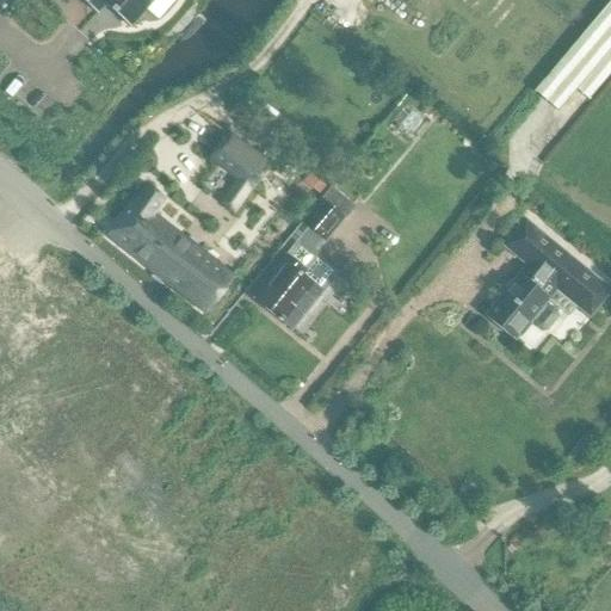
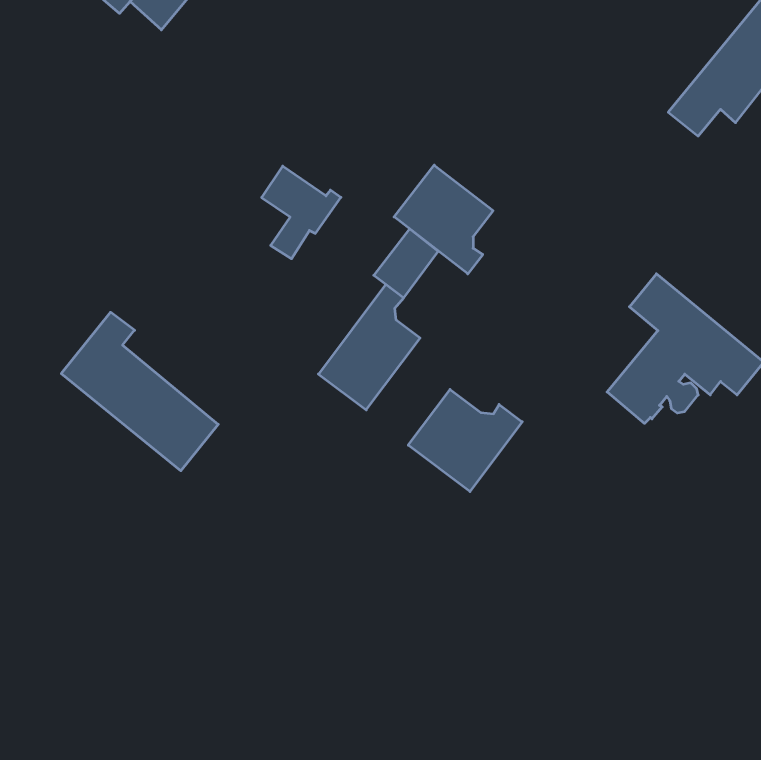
building: none -> [394,165,493,274]
building: [107,185,233,311] -> [61,312,218,471]
building: none -> [408,389,522,492]

